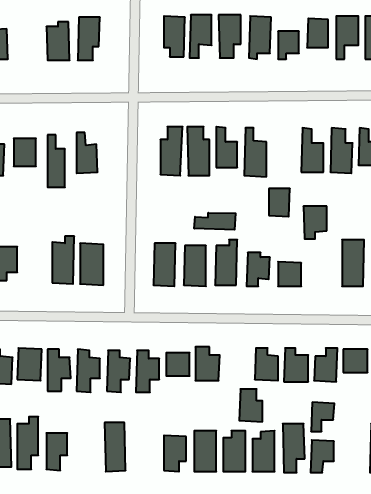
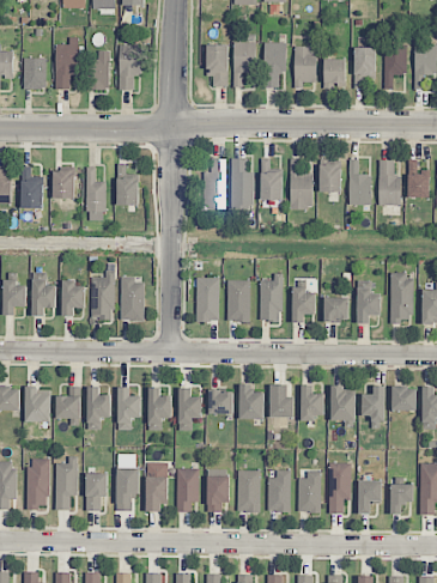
building: none -> [56,37,79,89]
building: [269,189,290,217] -> [320,164,341,193]
building: [303,206,327,239] -> [357,290,381,323]
building: [194,213,236,230] -> none
building: none -> [62,283,86,316]
building: [239,389,262,422] -> [269,384,293,418]
building: [311,402,334,431] -> [390,484,414,514]
building: none -> [116,468,140,511]
building: none -> [177,468,199,511]

